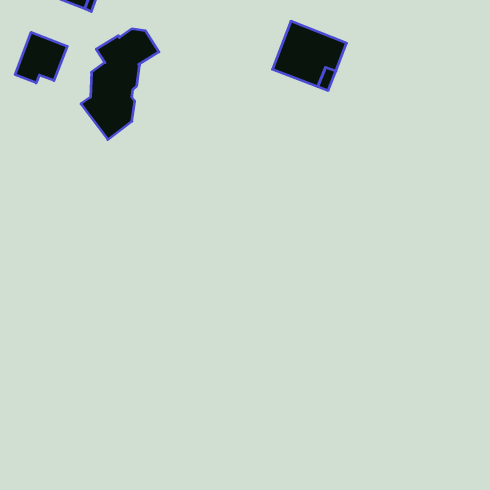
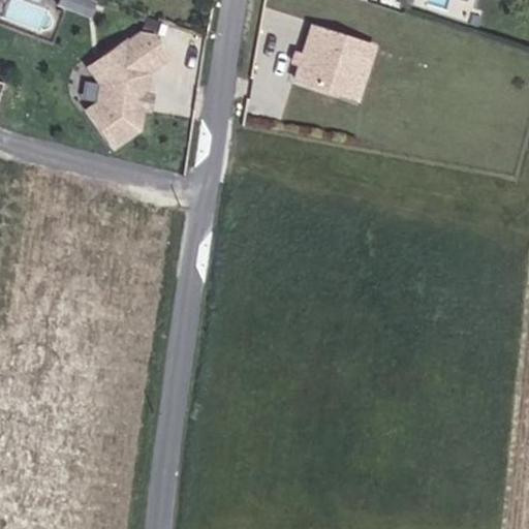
building: [15,32,67,83] -> none

